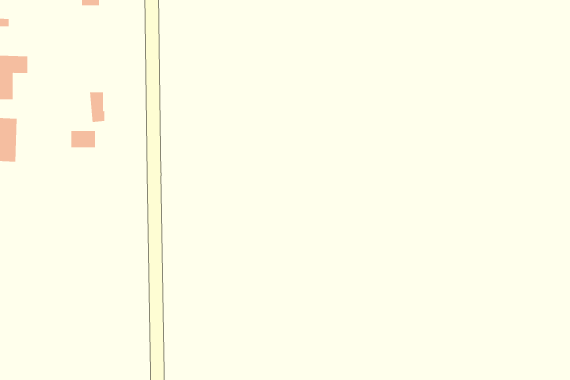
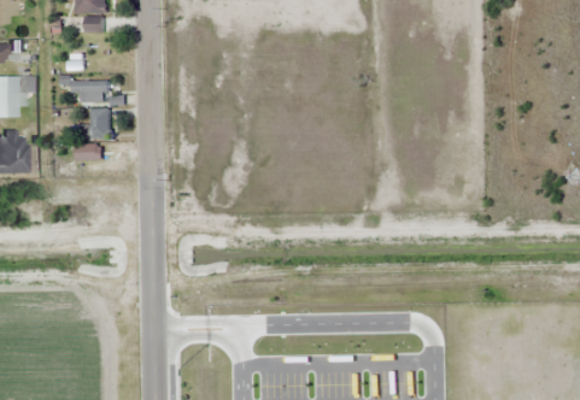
building: none -> [69,82,106,105]

